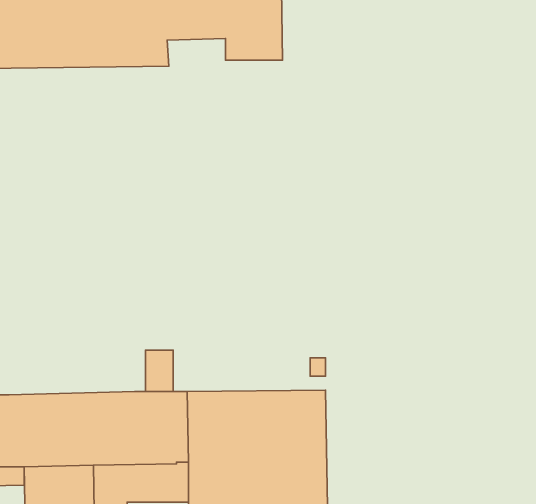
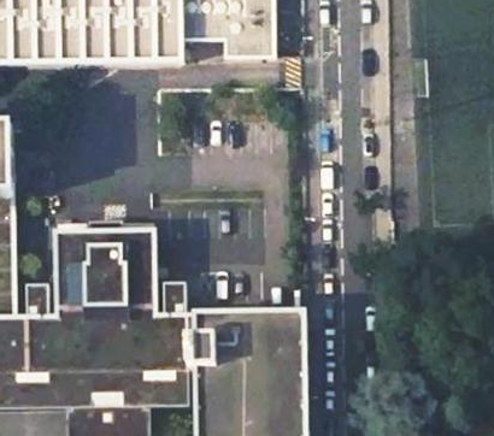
building: none -> [55,234,155,320]

